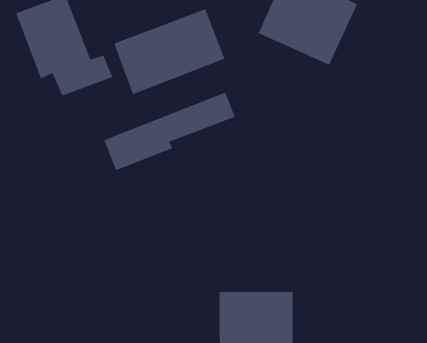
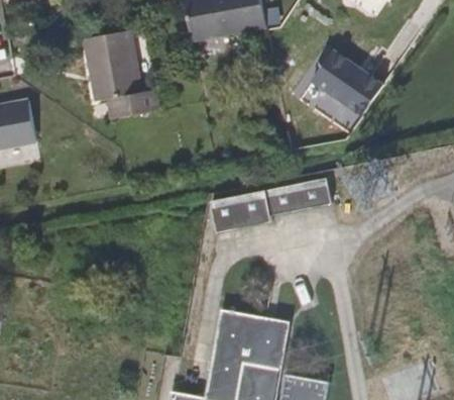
building: [113,8,225,95] -> none
building: [103,91,236,171] -> [209,180,329,233]

